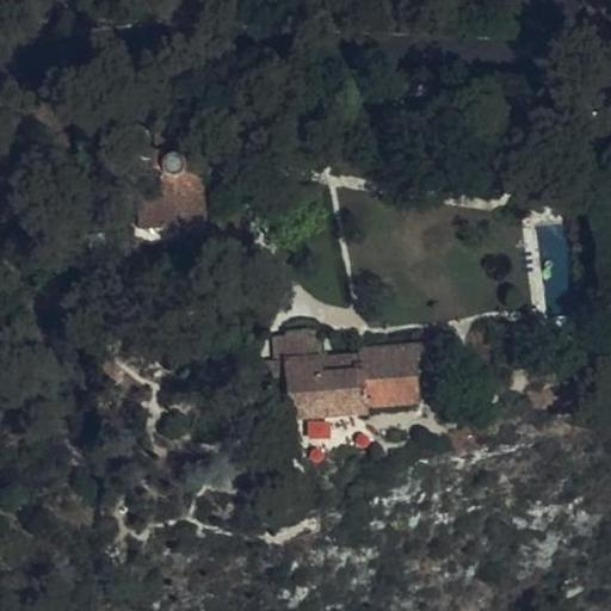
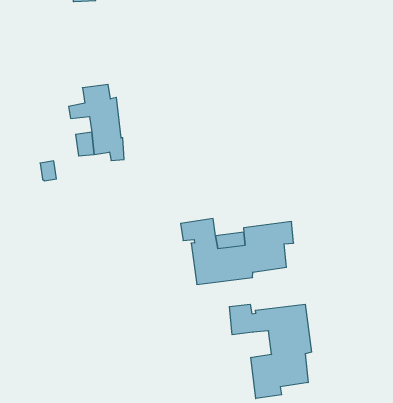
building: none -> [229,304,311,399]

